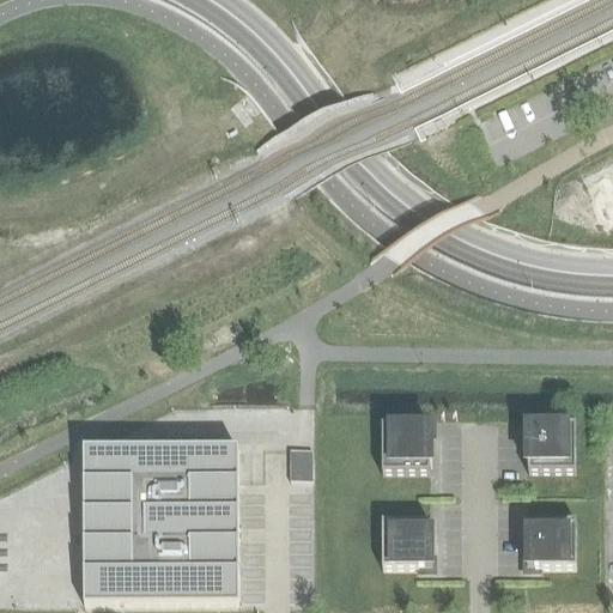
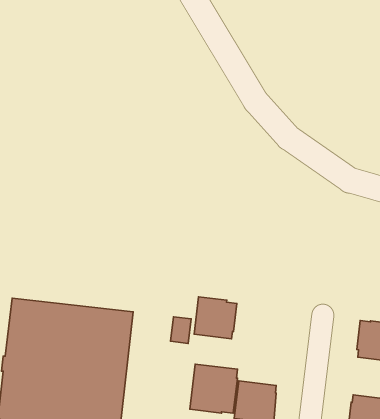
building: [381,417,430,465] -> [194,297,237,339]
building: none -> [190,364,238,413]

